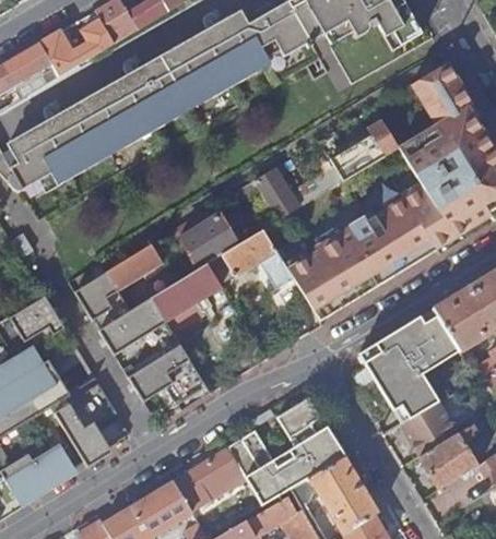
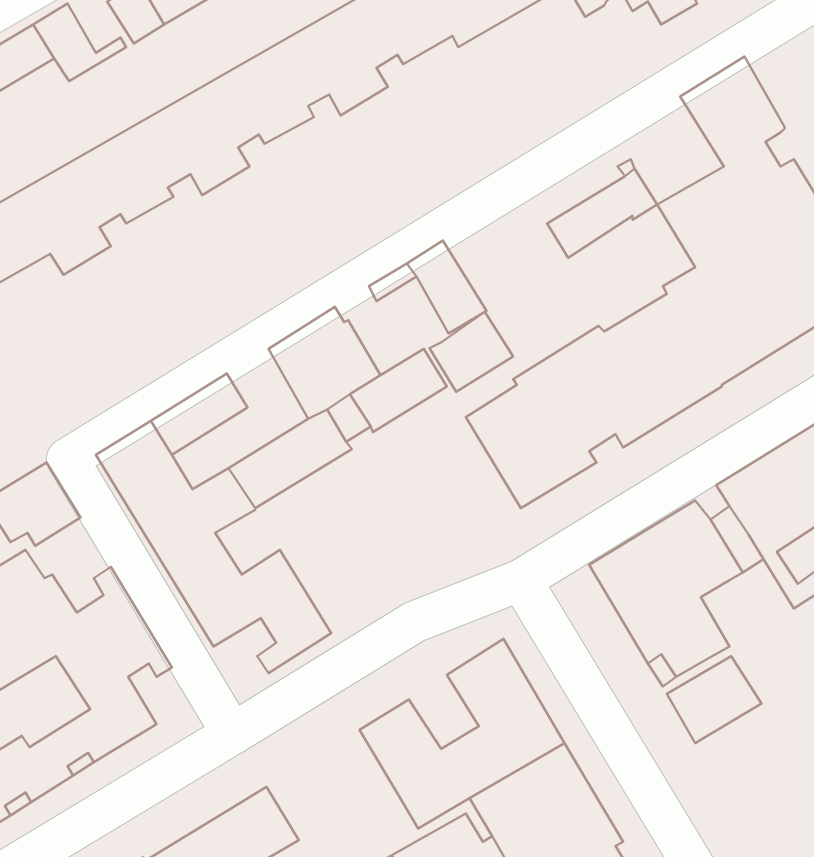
building: none -> [429,312,513,392]
building: [418,421,481,488] -> none
building: [173,448,246,512] -> none

